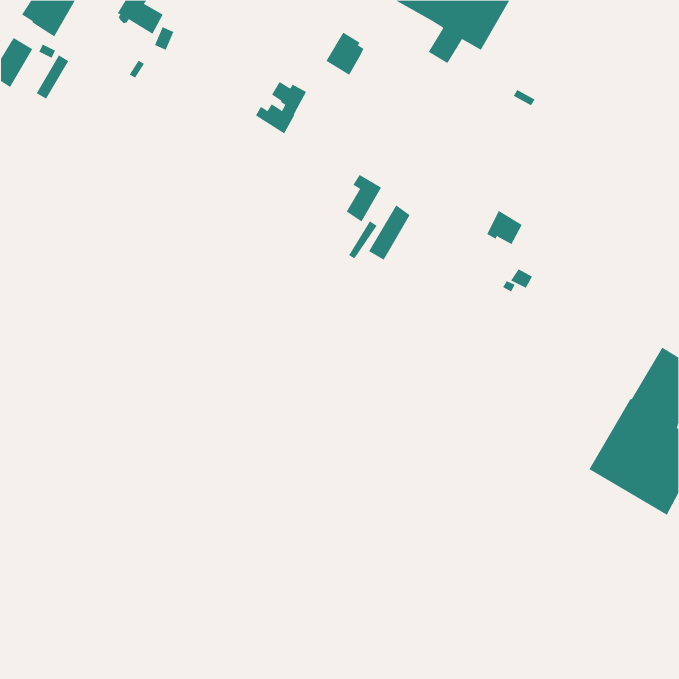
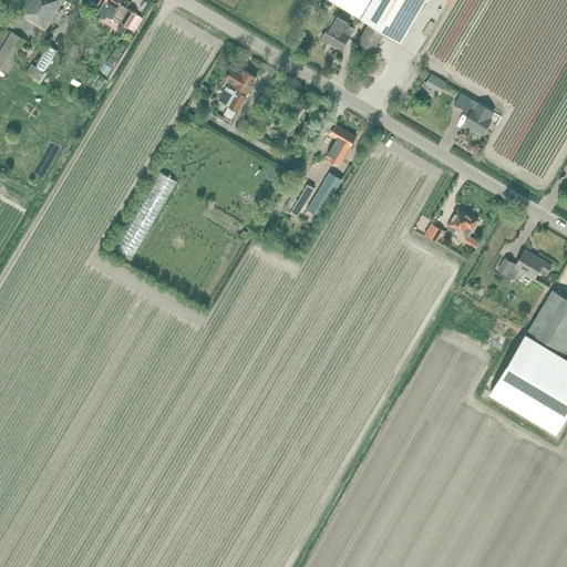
building: [325,32,364,76] -> [321,13,353,50]
building: none -> [453,93,495,132]
building: [346,174,382,222] -> [326,125,355,165]
building: [487,210,522,245] -> [447,208,477,237]
building: none -> [498,249,551,278]

